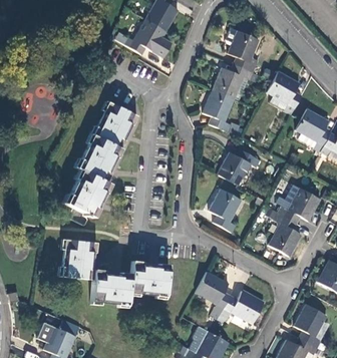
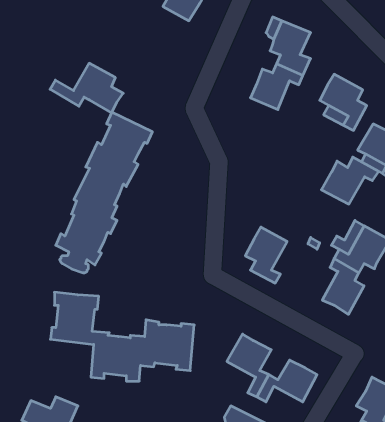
building: [115,19,172,57] -> [50,63,123,113]
building: [203,89,234,131] -> none
building: [217,148,261,185] -> [321,157,379,204]

